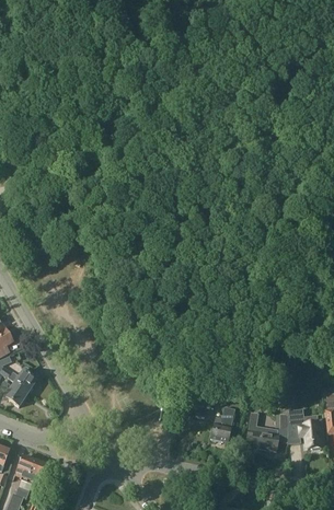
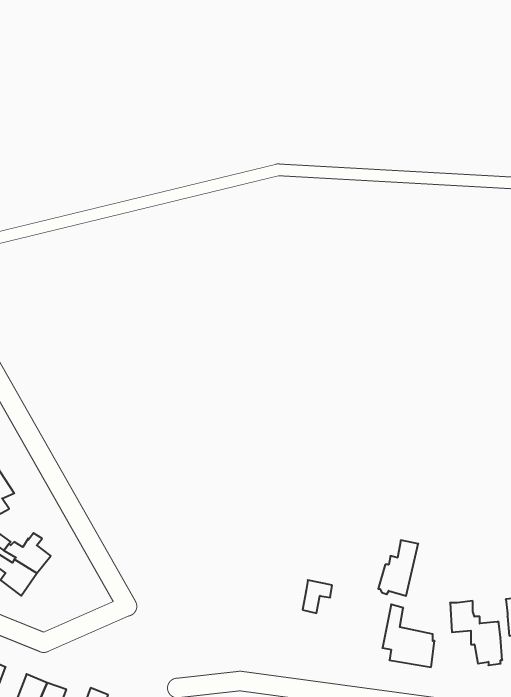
building: [209,406,234,441] -> [378,540,418,596]

